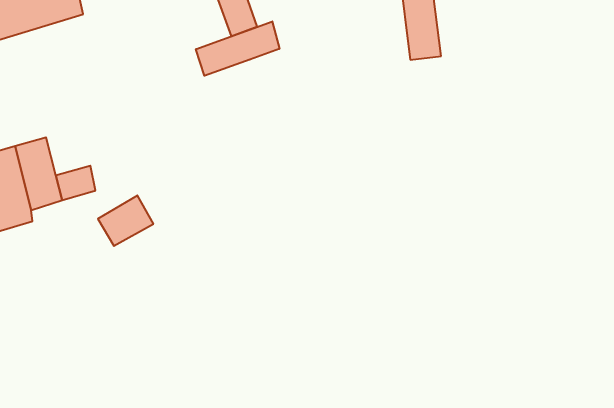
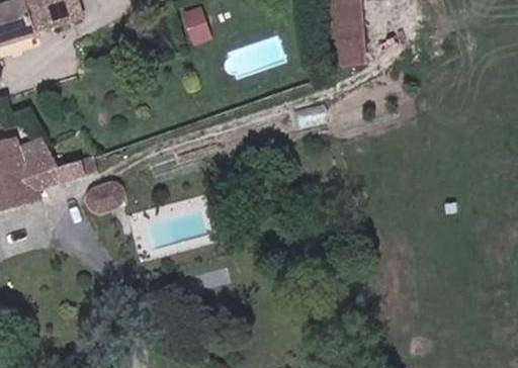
building: [196,21,279,76] -> none

